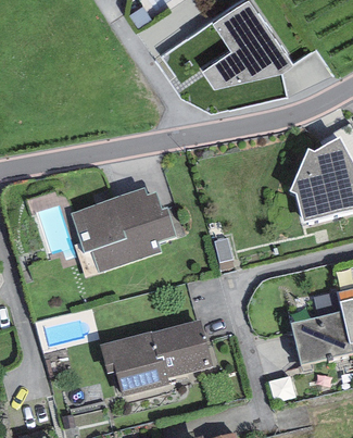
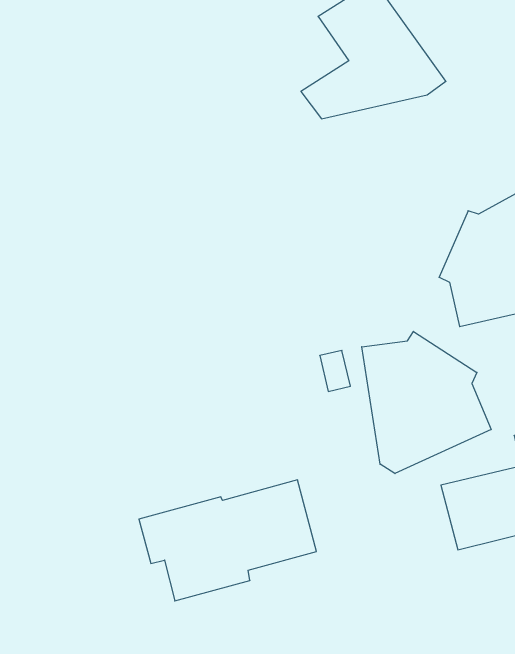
building: [70,188,175,273] -> none
building: none -> [362,331,491,474]

